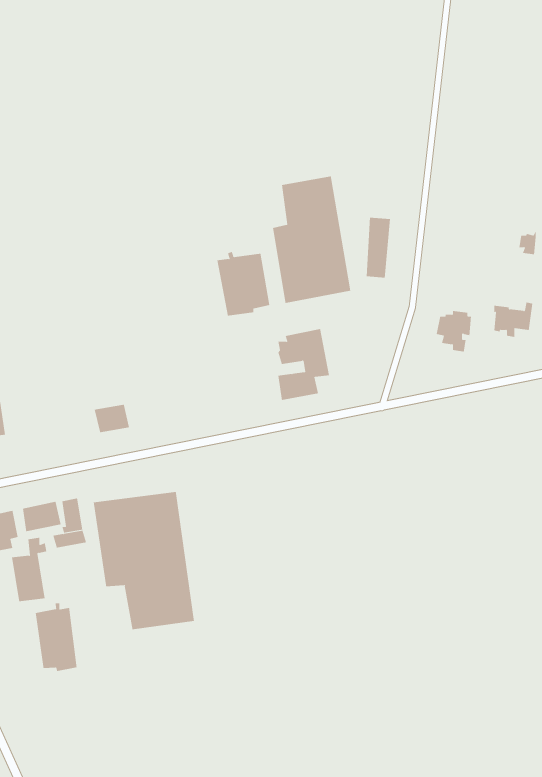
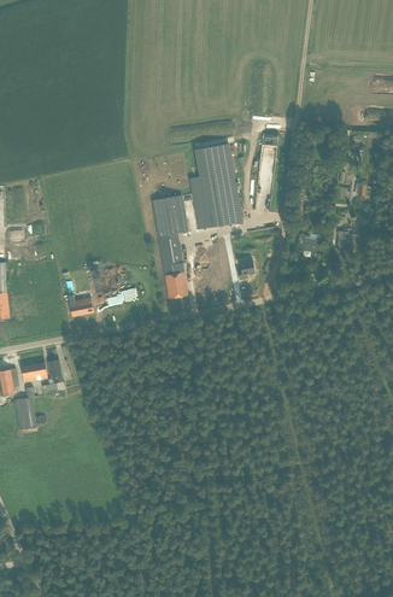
building: none -> [158,234,187,297]
building: [93,491,195,630] -> none
building: [35,603,77,672] -> none

